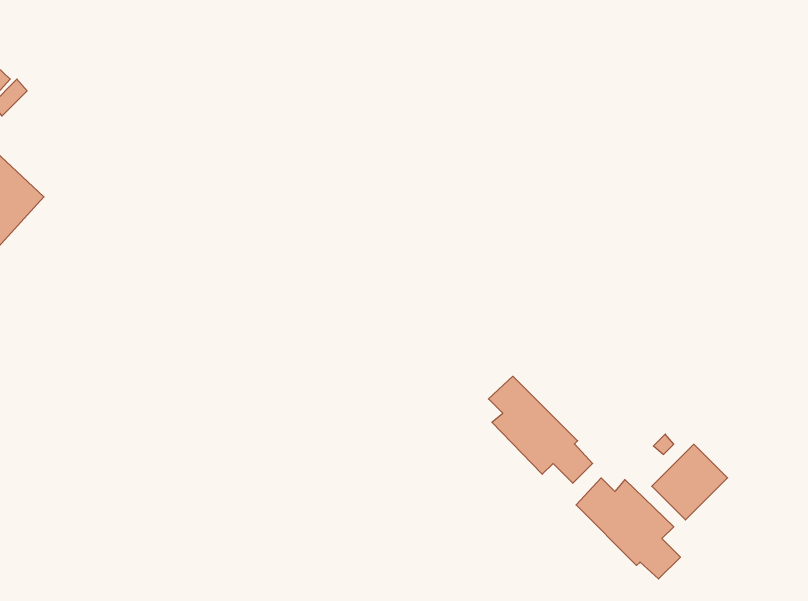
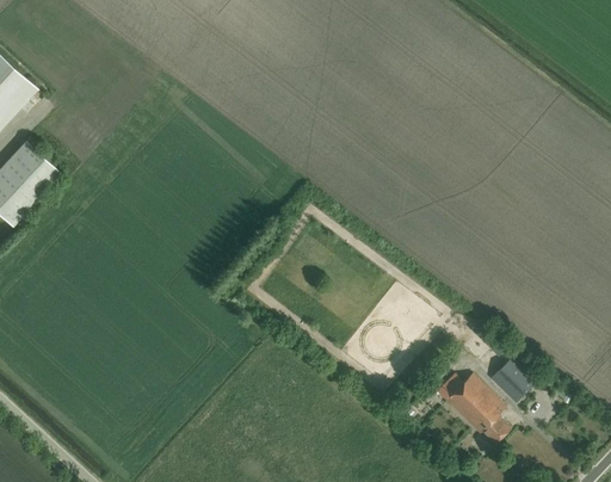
building: [488,376,593,483] -> none

